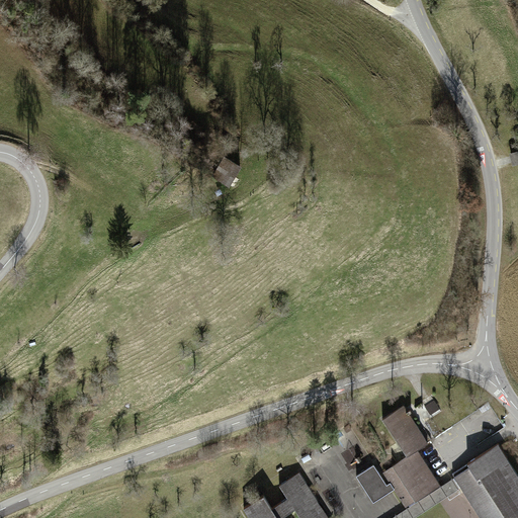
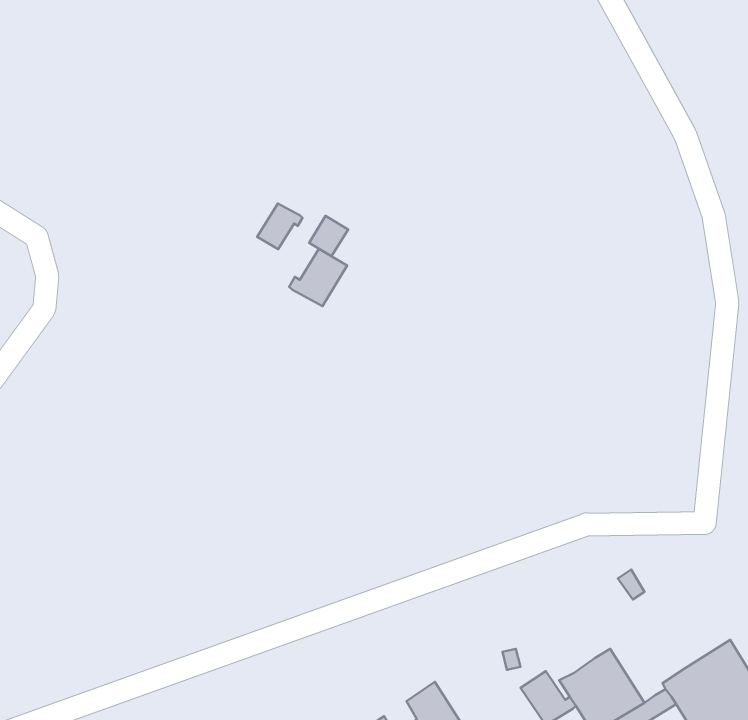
building: none -> [257,203,303,249]
building: none -> [289,249,347,306]
building: [382,407,428,457] -> none

